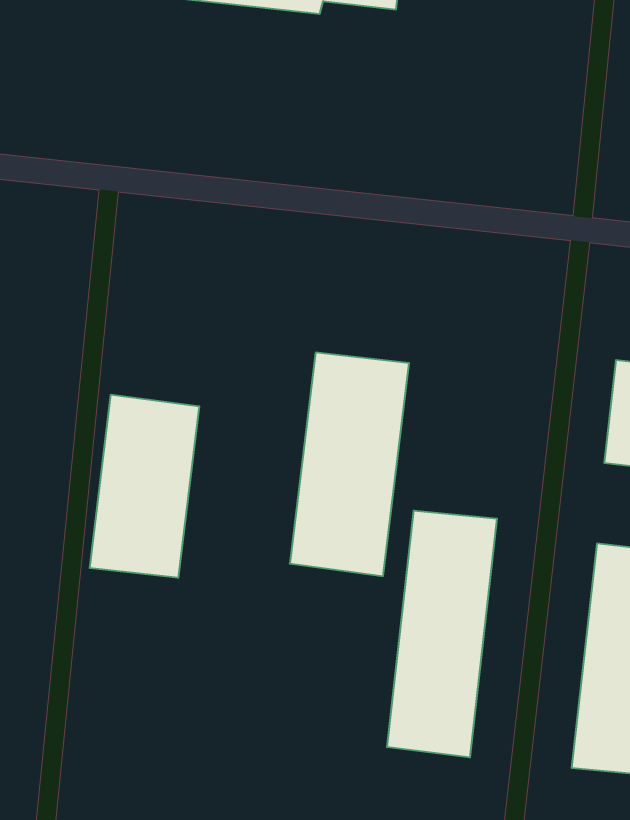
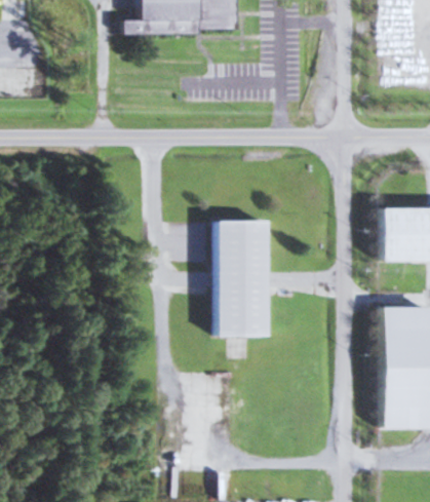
building: [90,395,199,578] -> none
building: [387,510,497,758] -> none

